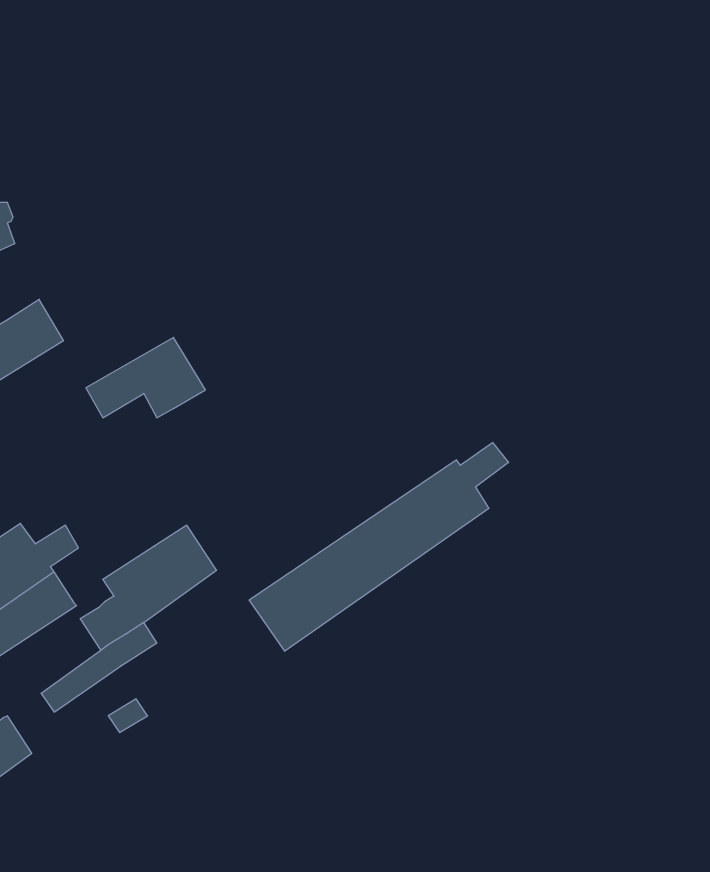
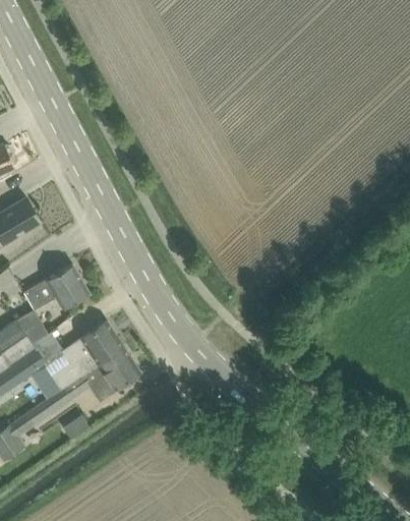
building: [86,337,205,418] -> [23,266,89,309]
building: [249,443,509,651] -> none
building: none -> [82,347,139,401]

